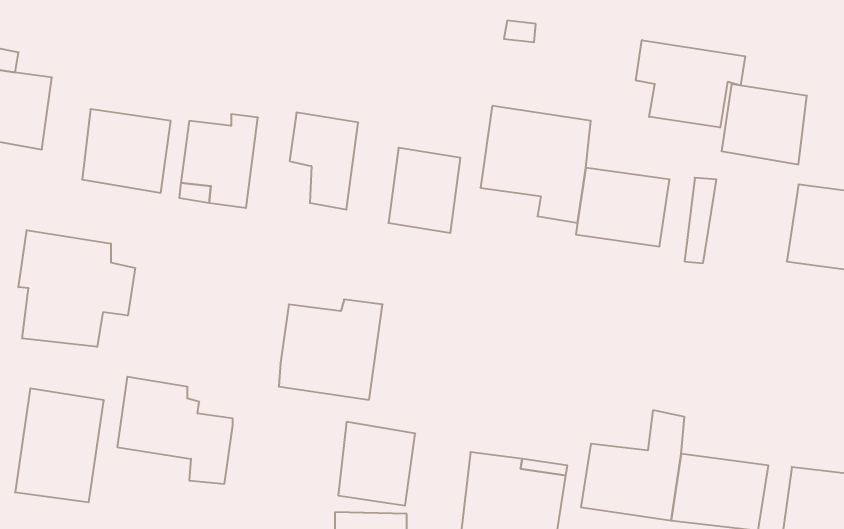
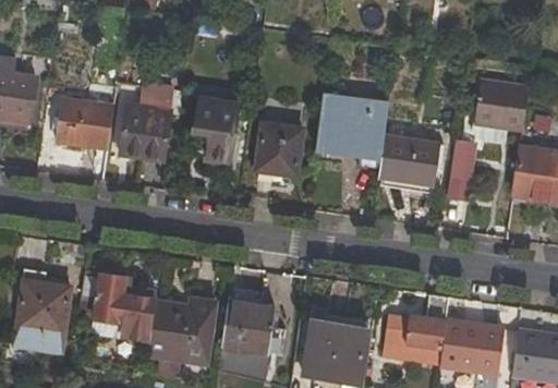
building: [636,40,745,128] -> none
building: [18,230,135,347] -> none
building: [279,299,383,400] -> [148,299,216,364]

